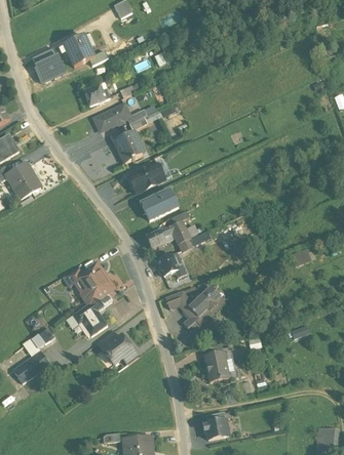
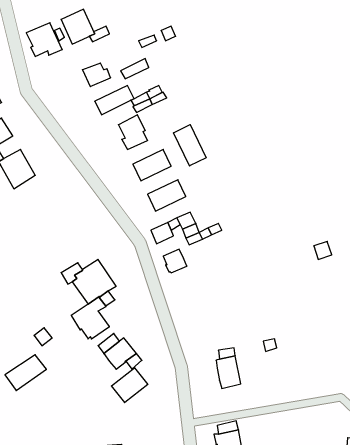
building: none -> [174,125,206,166]
building: [164,285,224,333] -> none
building: none -> [111,368,148,403]

